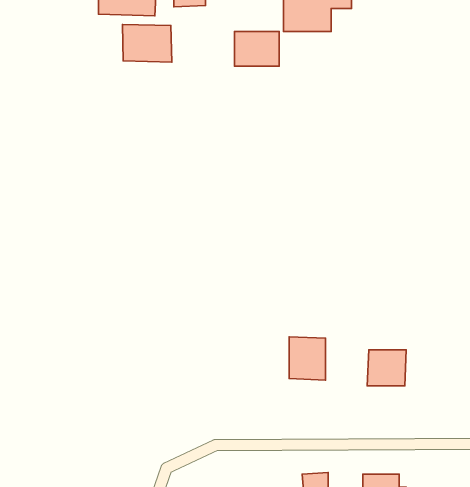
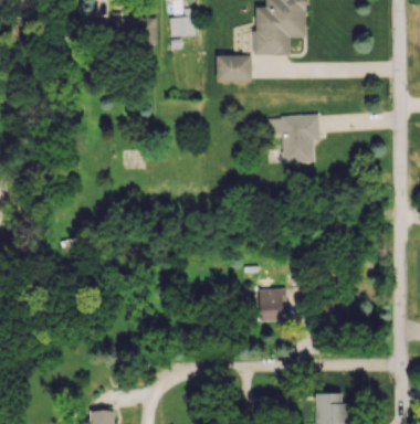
building: [123,24,172,62] -> none
building: none -> [269,115,321,165]

